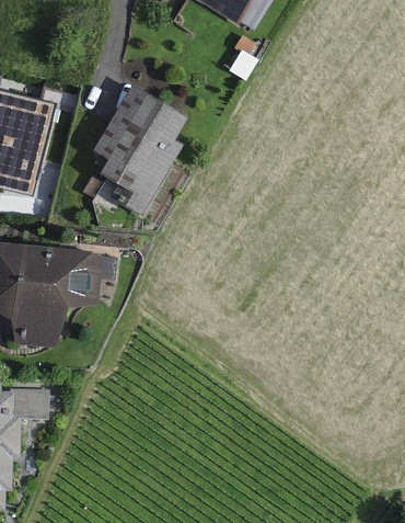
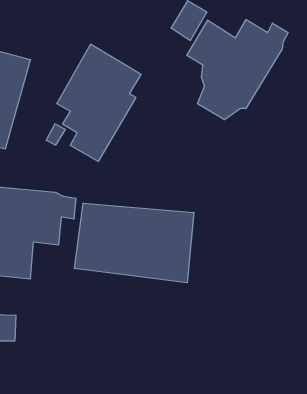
building: none -> [187,20,288,120]
building: none -> [74,203,194,283]

